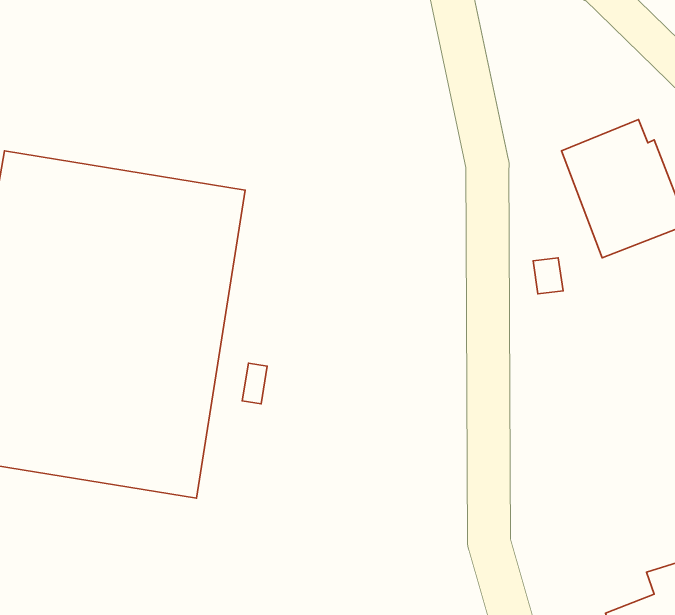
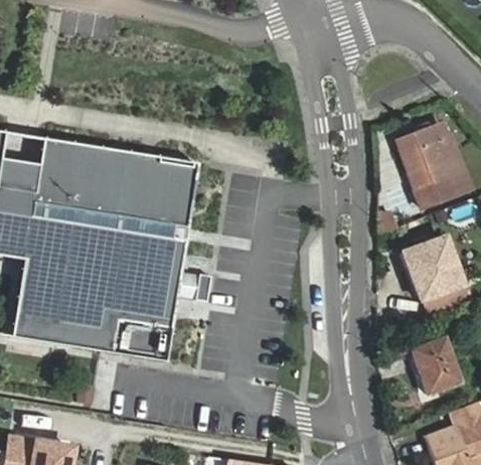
building: none -> [403,235,462,297]
building: none -> [412,335,460,392]

